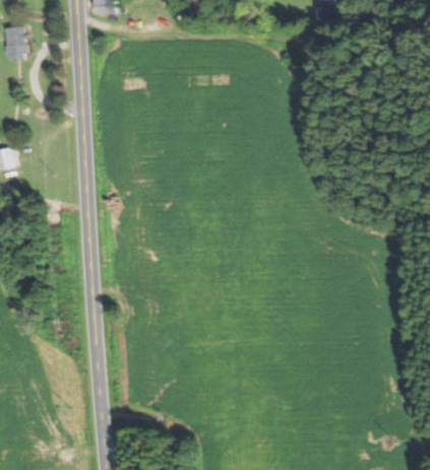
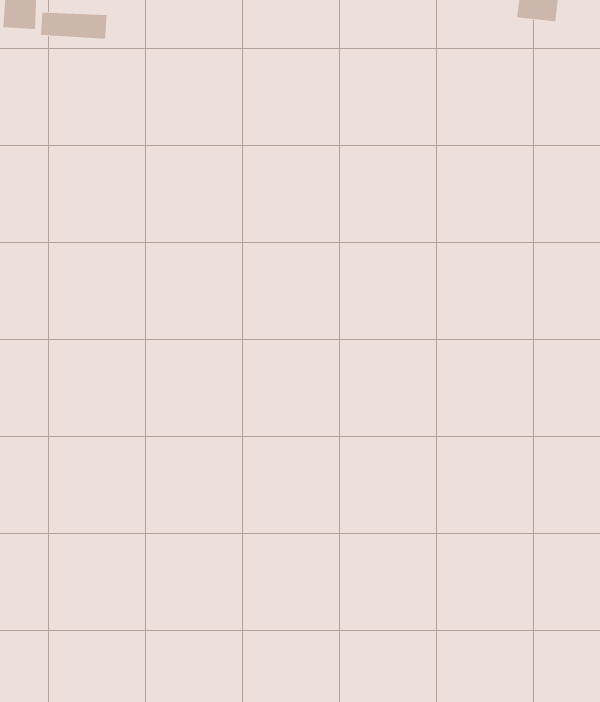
building: none -> [41,12,107,40]

